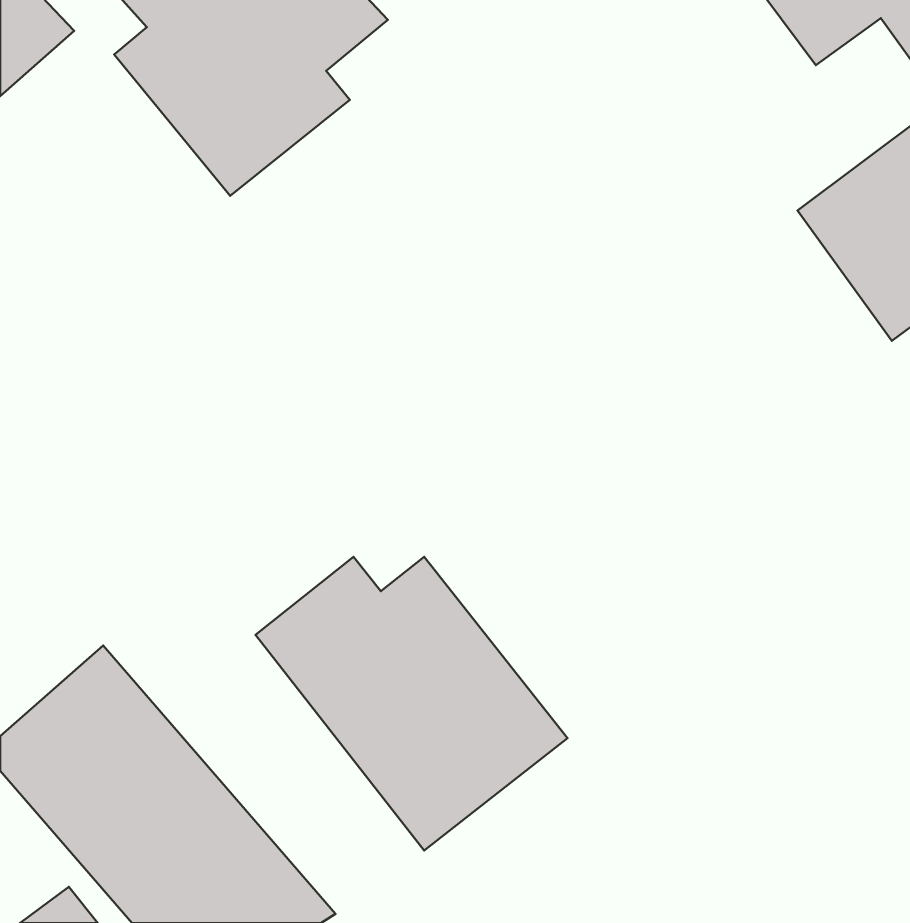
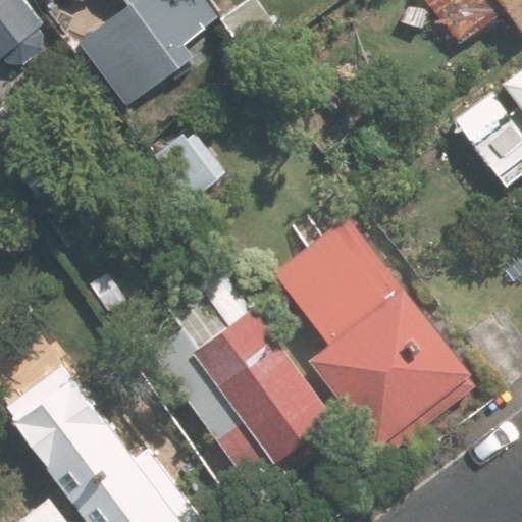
building: none -> [303,241,468,447]

